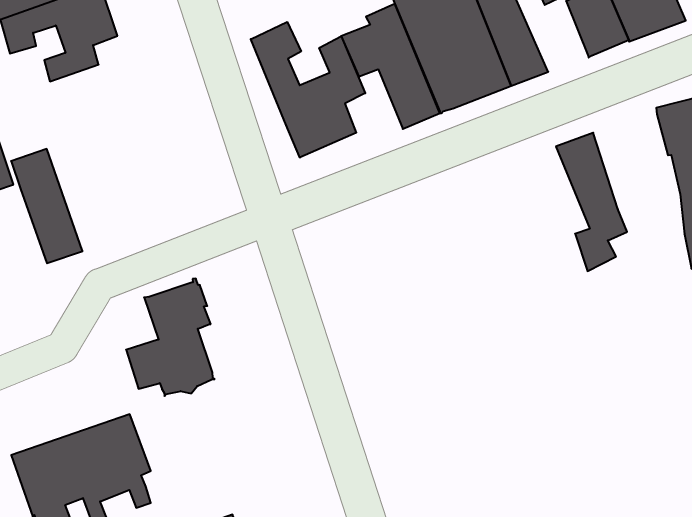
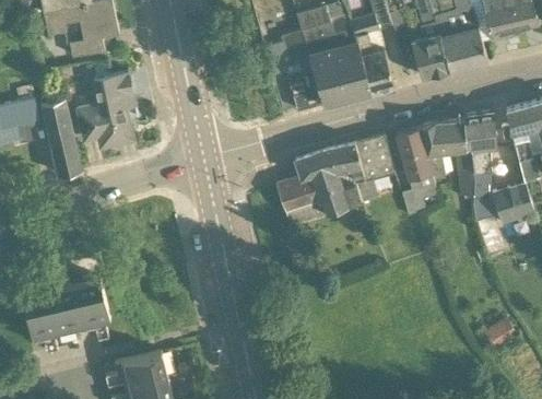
building: [251,22,365,158] -> none
building: none -> [421,120,473,179]
building: none -> [275,133,394,226]
building: [126,279,215,396] -> [79,72,136,146]

